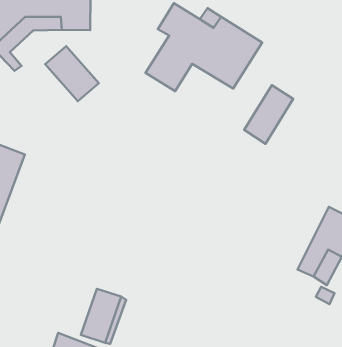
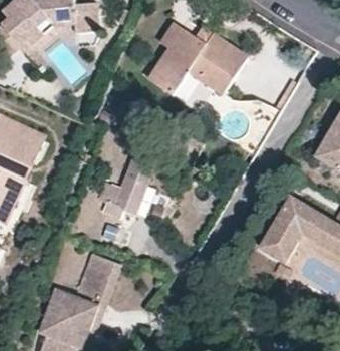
building: [45,46,99,101] -> none
building: [244,85,293,144] -> none
building: none -> [98,148,159,219]

